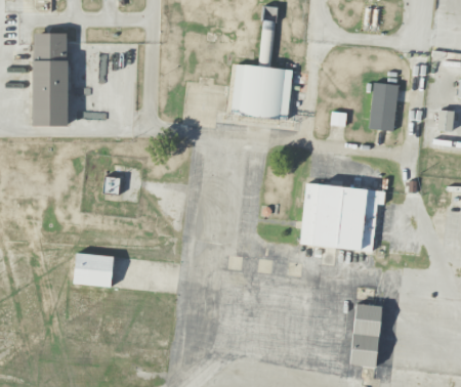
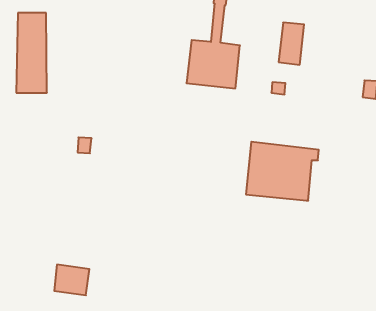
building: [369,82,399,131] -> [279,23,304,65]
building: [73,253,114,289] -> [54,265,89,295]
building: [350,304,382,368] -> none

